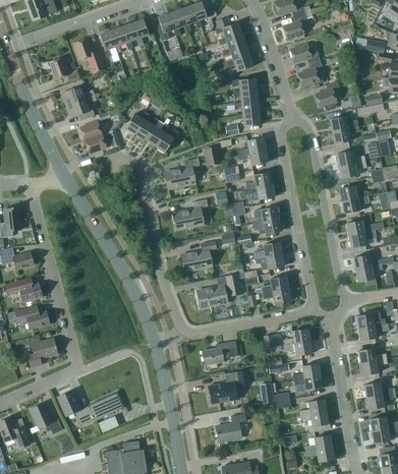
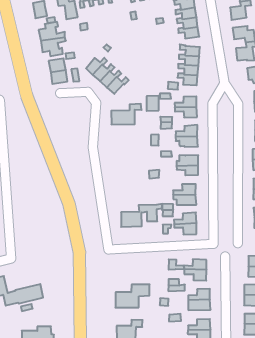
building: [172,198,208,229] -> none
building: [180,241,216,271] -> none
building: [201,341,237,365] -> none

